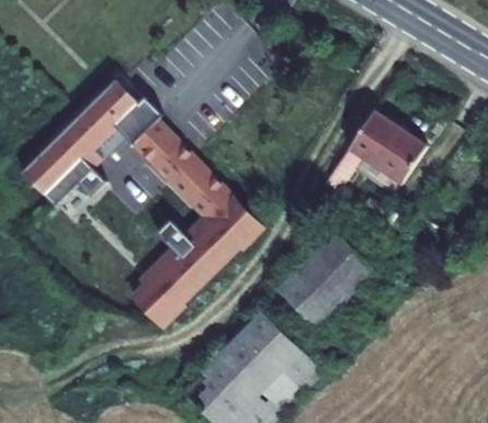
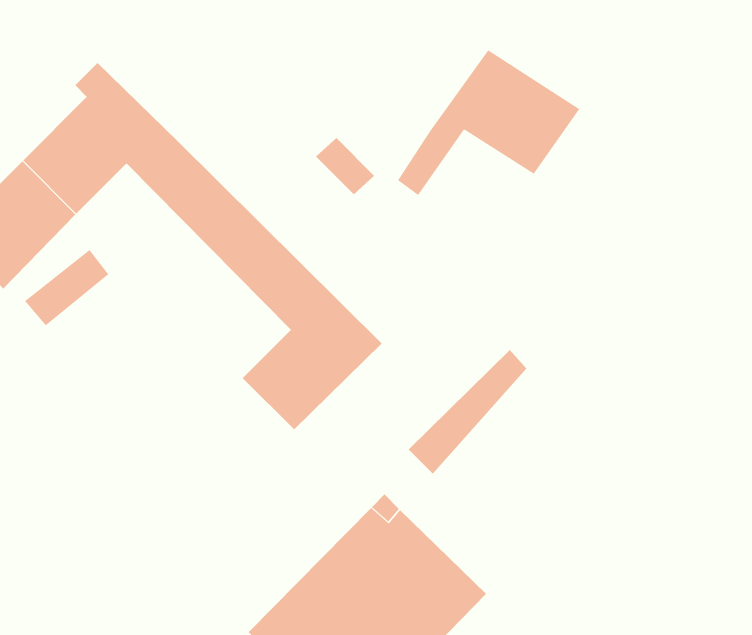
building: [322,112,427,196] -> [397,49,580,196]
building: [291,242,375,330] -> none
building: [133,247,212,326] -> none

